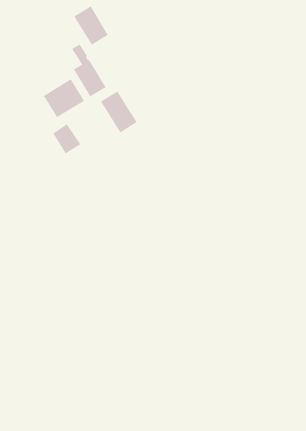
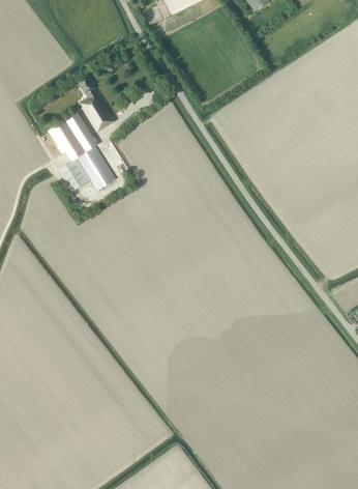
building: [74,6,109,45] -> none
building: [100,91,138,133] -> [77,145,116,190]

